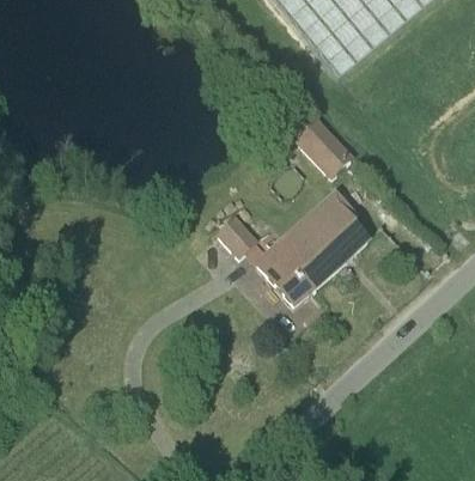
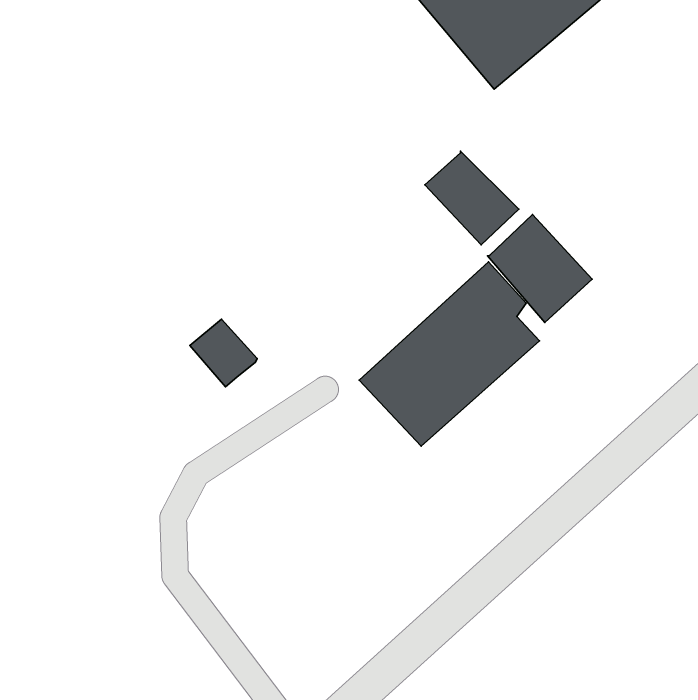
building: none -> [487,214,592,322]
building: [215,214,258,257] -> [190,319,257,387]

